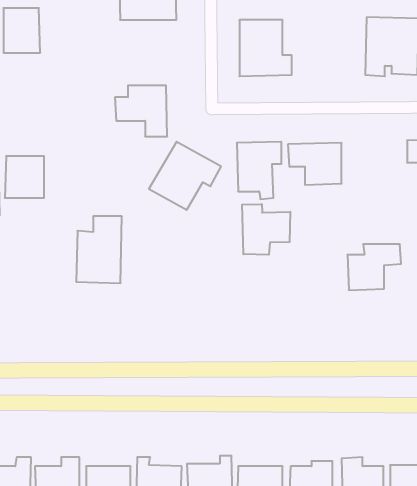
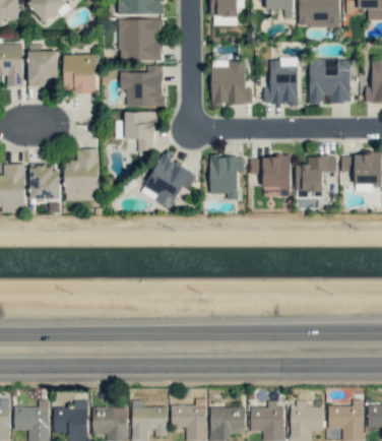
building: none -> [64,54,98,91]
building: none -> [263,58,298,104]
building: none -> [120,64,164,106]
building: [242,204,290,255] -> none
building: [76,216,122,283] -> [64,148,100,200]
building: [347,244,401,290] -> [295,155,336,191]

